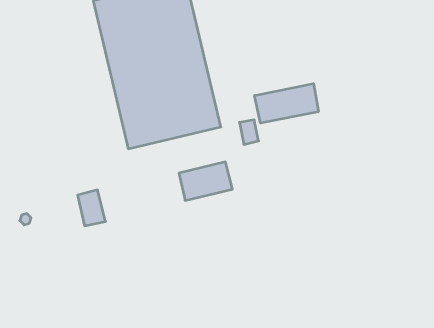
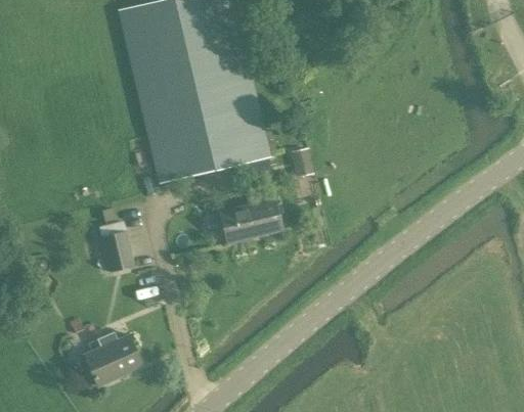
building: [255,84,318,123] -> none
building: none -> [84,331,142,385]

